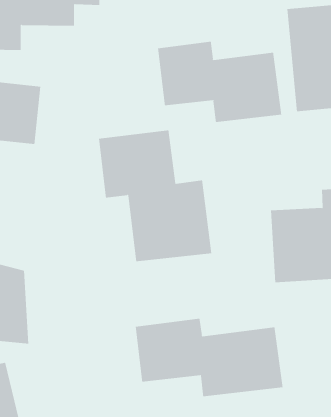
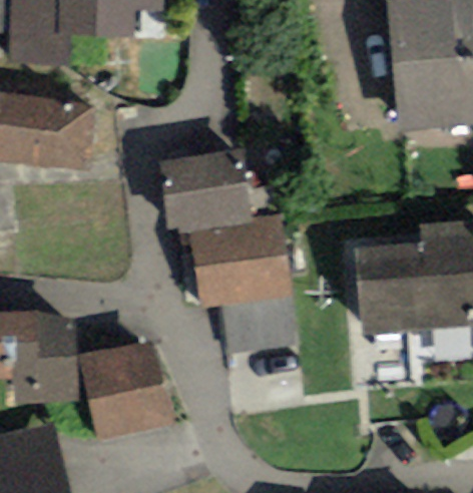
building: [157,41,282,123] -> none
building: none -> [81,341,172,440]
building: [135,318,283,397] -> none

